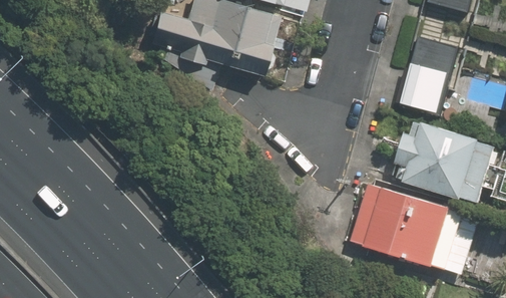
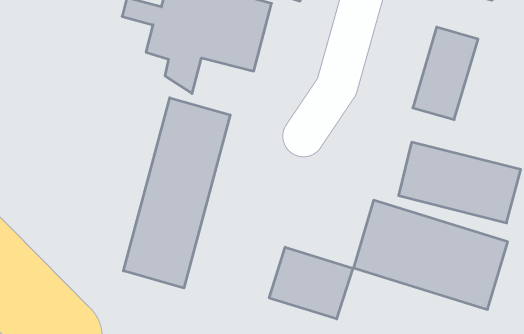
building: none -> [123,98,230,288]
building: none -> [269,247,353,319]

